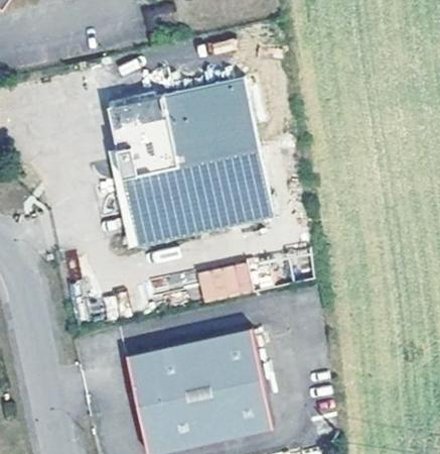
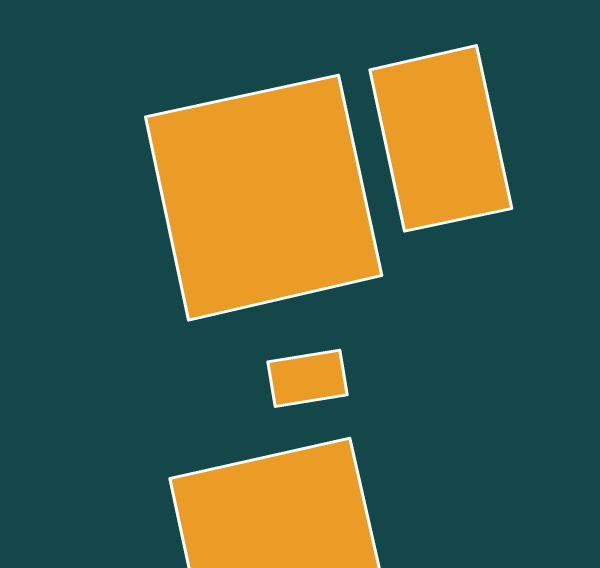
building: none -> [370,46,512,231]

